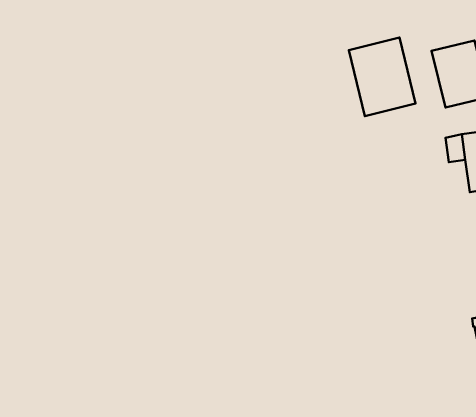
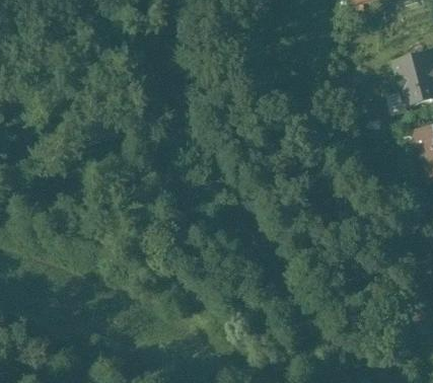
building: [349,37,416,116] -> none

